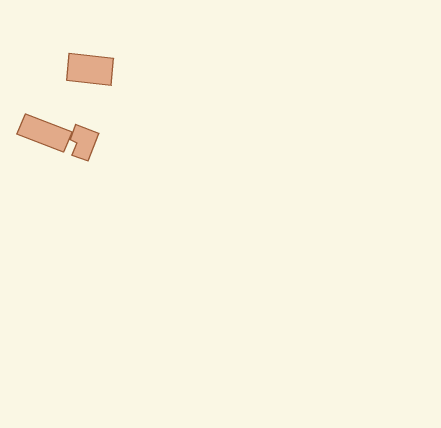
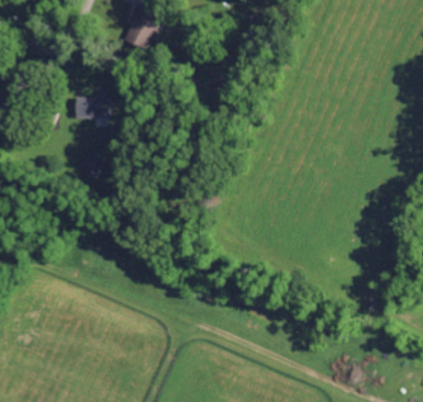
building: [17,114,72,152] -> none

